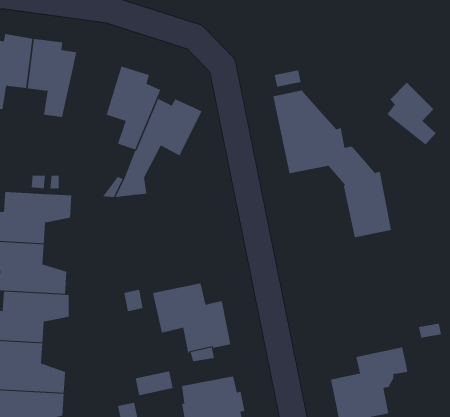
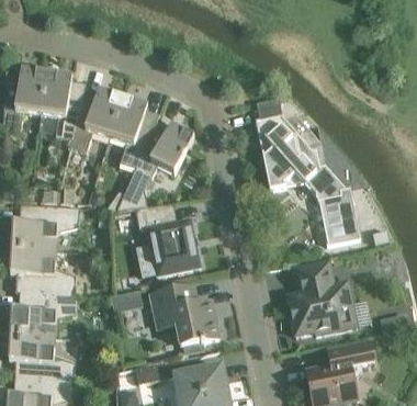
building: none -> [69,83,122,154]
building: [387,82,436,145] -> none
building: none -> [134,203,199,277]
building: none -> [285,261,356,337]

